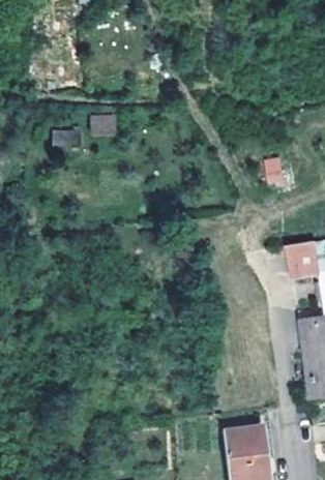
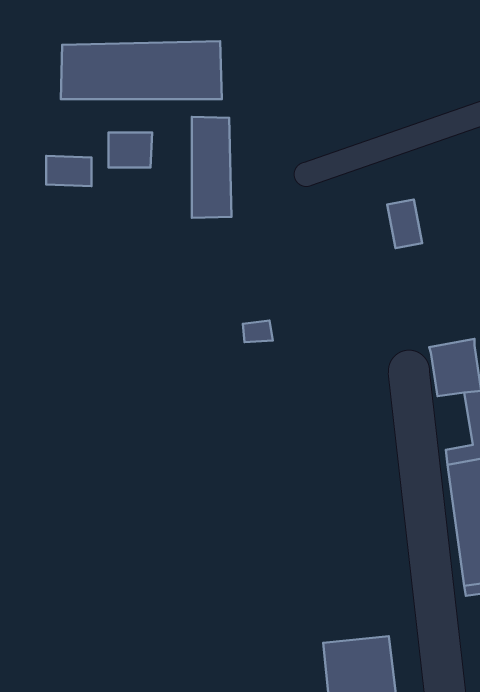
building: none -> [61,41,222,99]
building: none -> [192,117,232,218]

